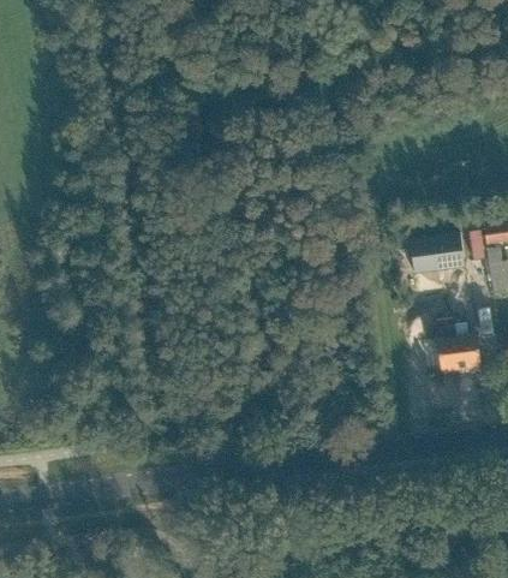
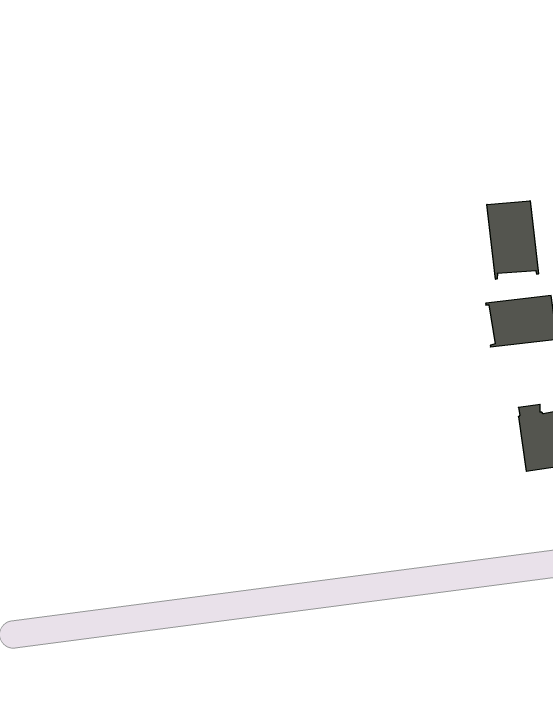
building: none -> [487,201,538,279]

